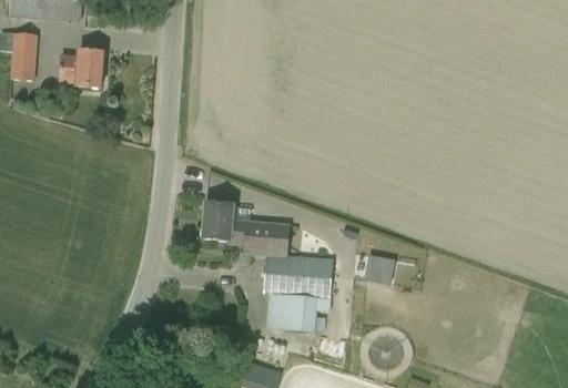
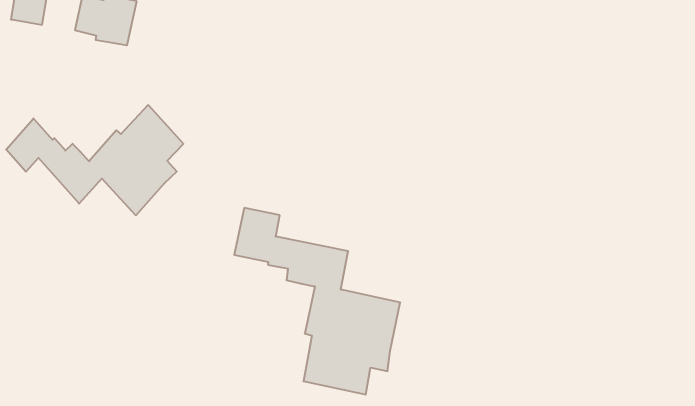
building: none -> [6,105,183,215]
building: [365,254,395,283] -> none

